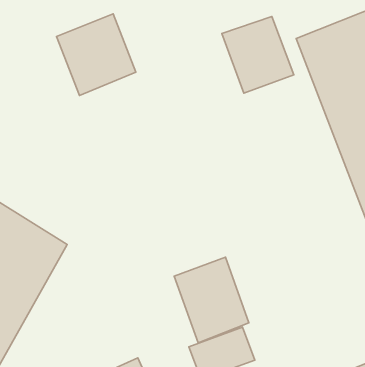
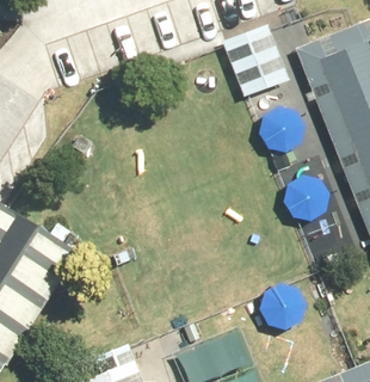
building: [56,14,136,96] -> none
building: [174,257,249,343] -> none

